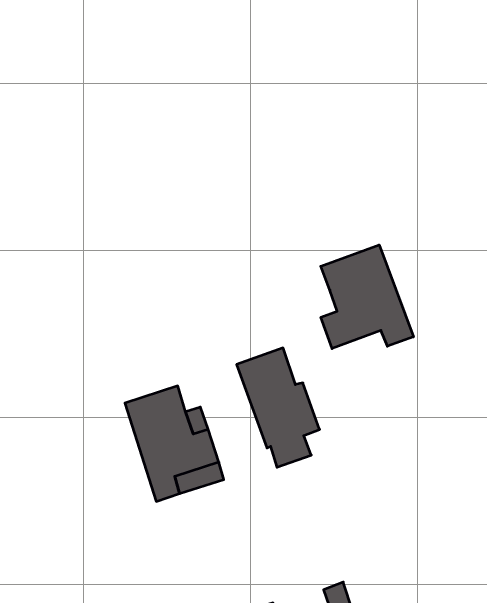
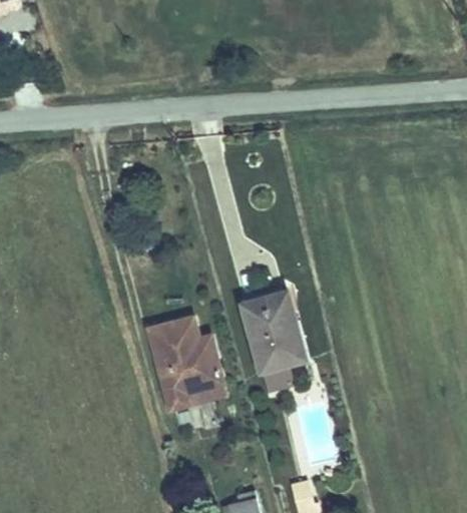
building: [321,245,413,349] -> none

